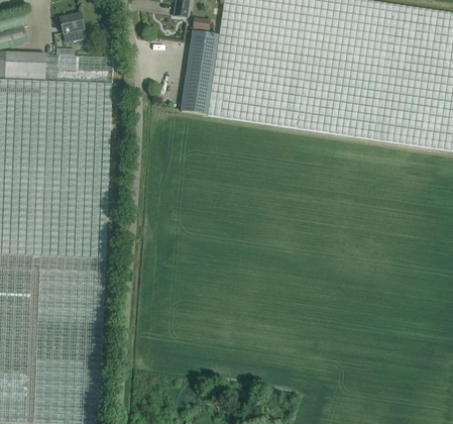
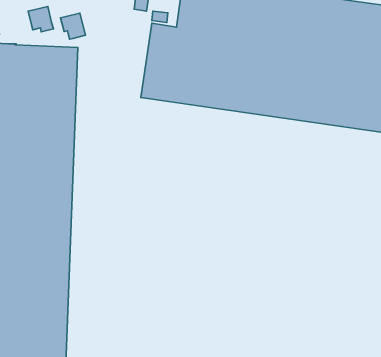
building: none -> [61,13,85,39]

